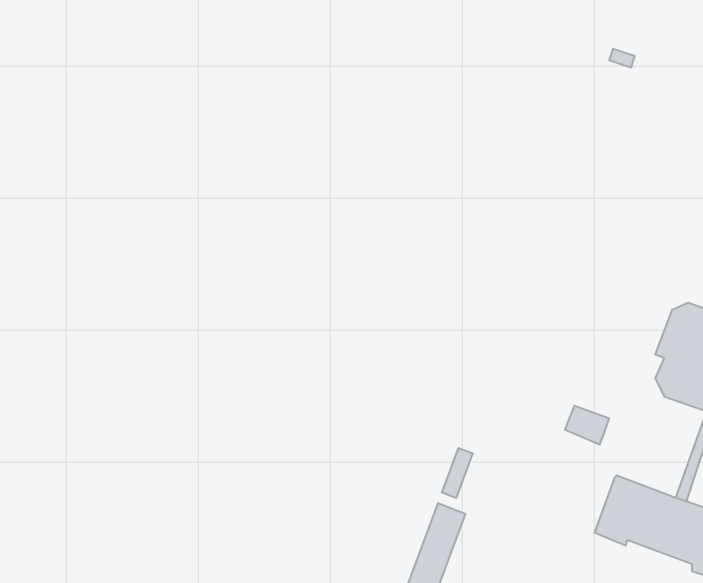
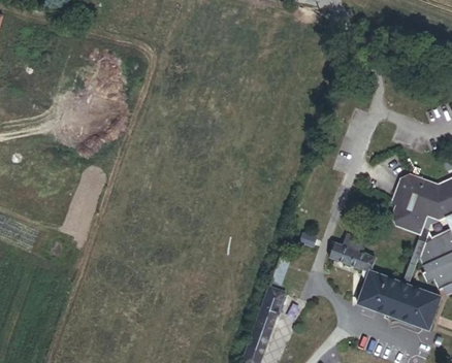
building: none -> [328,241,375,271]

